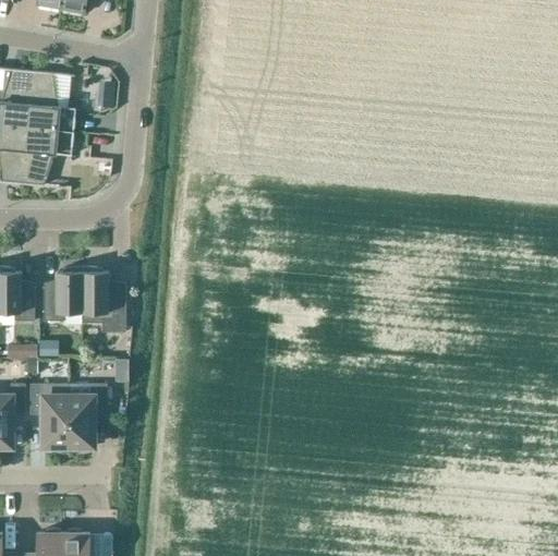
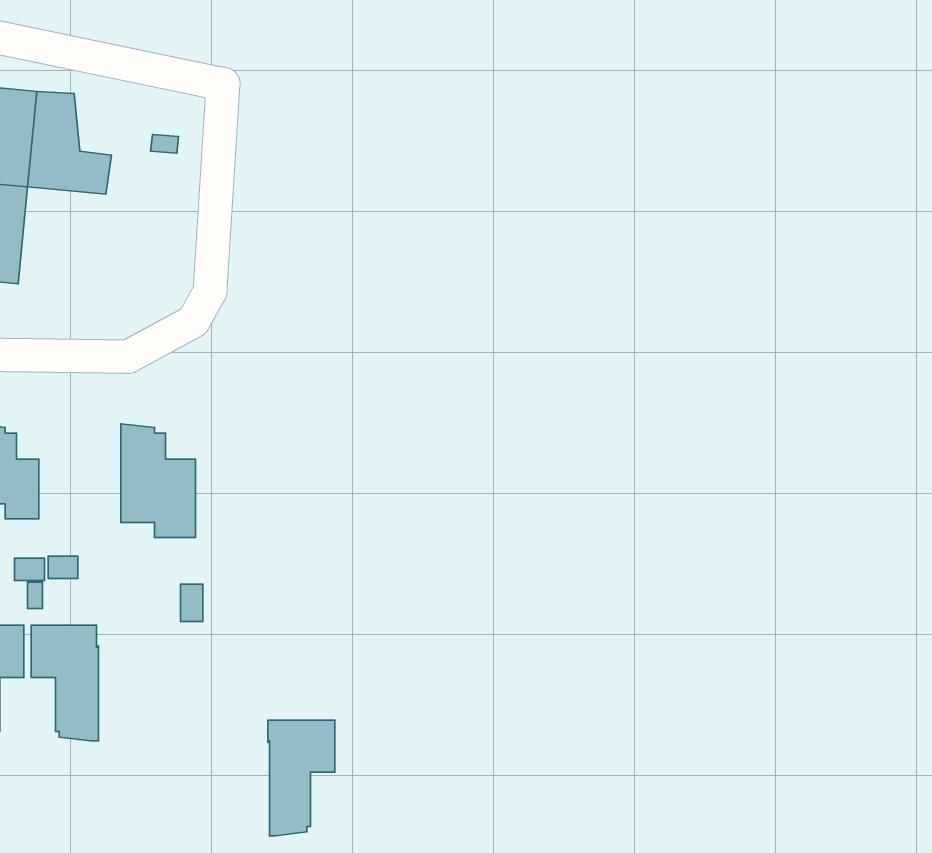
building: [21,128,72,186] -> none
building: [41,266,81,322] -> none
building: [66,384,106,451] -> [268,720,335,836]

